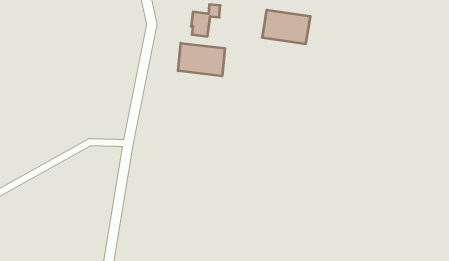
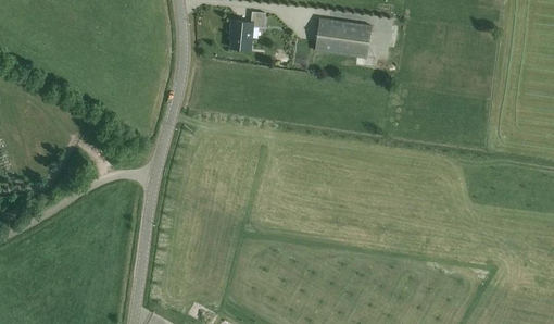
building: [178,43,225,76] -> none

